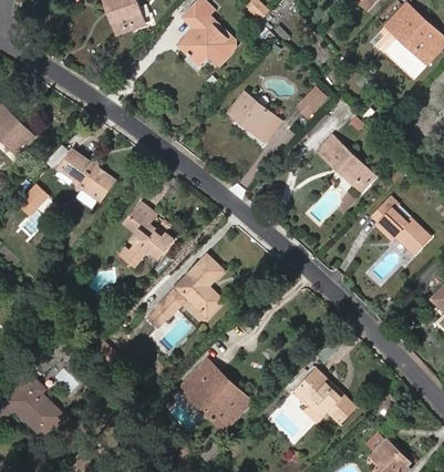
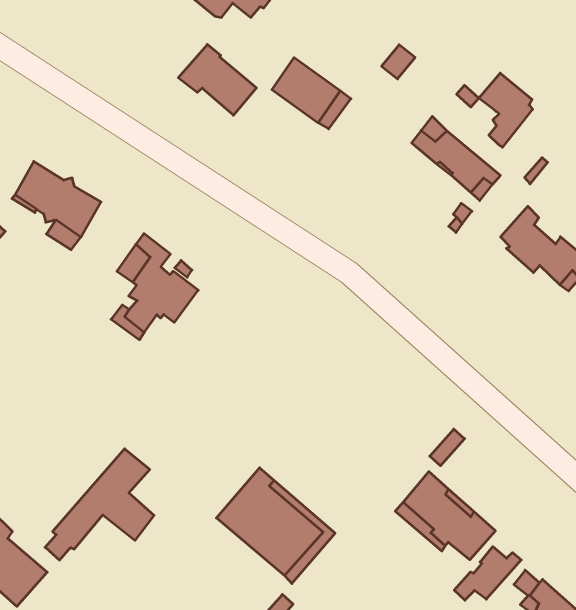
building: none -> [178,44,256,115]
building: none -> [479,73,533,147]
building: [148,256,220,326] -> [45,449,154,560]
building: none -> [454,547,521,600]

